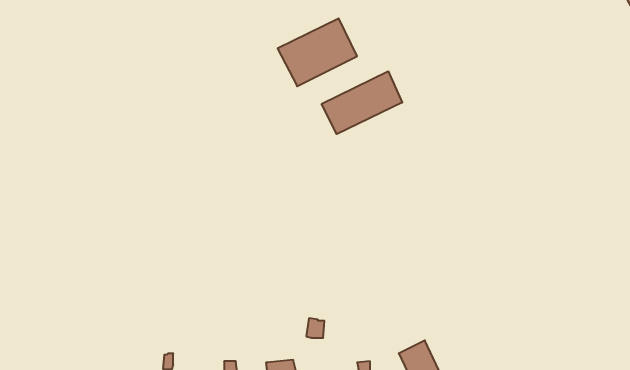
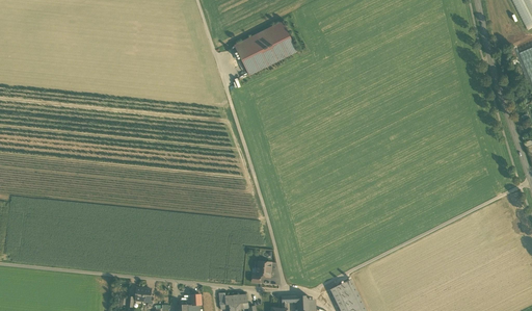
building: [322,71,402,134] -> none

